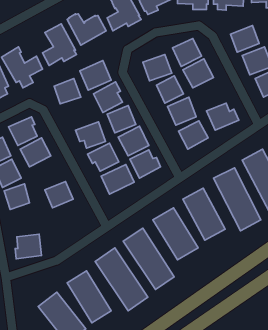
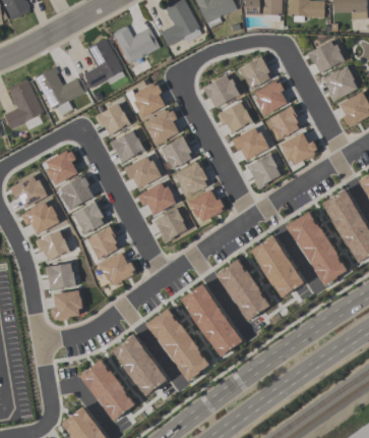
building: none -> [263,107,301,139]
building: none -> [111,130,143,162]
building: none -> [73,202,107,233]
building: none -> [99,252,134,286]
building: none -> [47,264,74,289]

